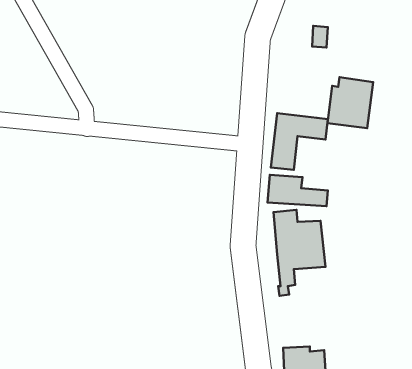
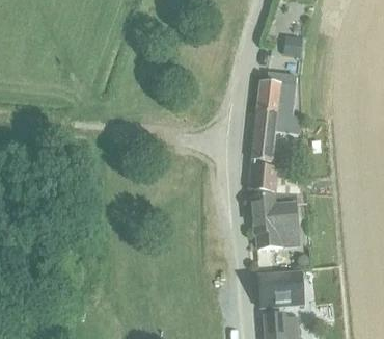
building: [327,77,373,128] -> [255,72,295,115]
building: none -> [255,271,301,307]

